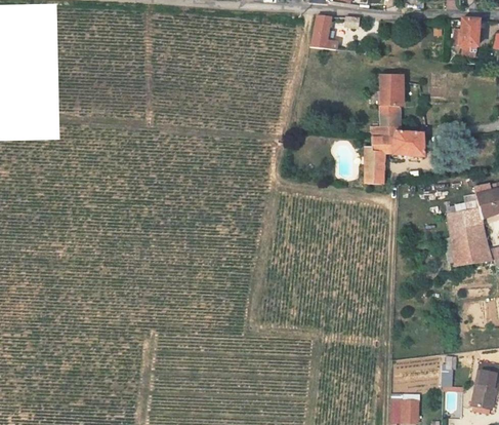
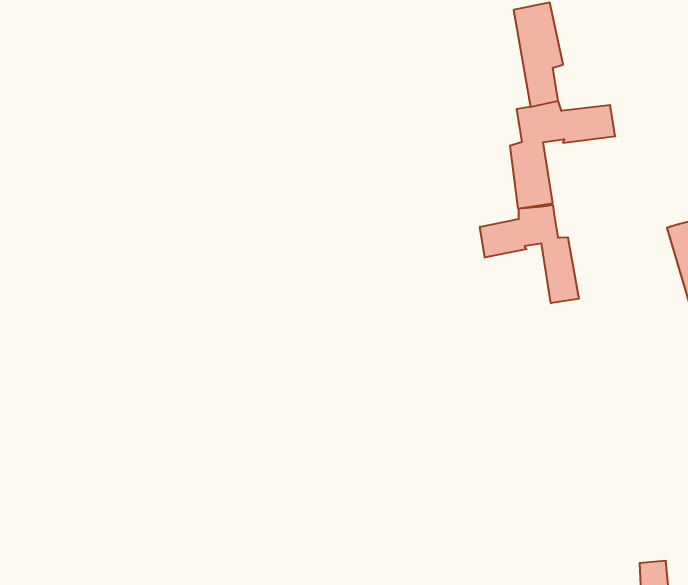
building: none -> [480,205,579,303]

